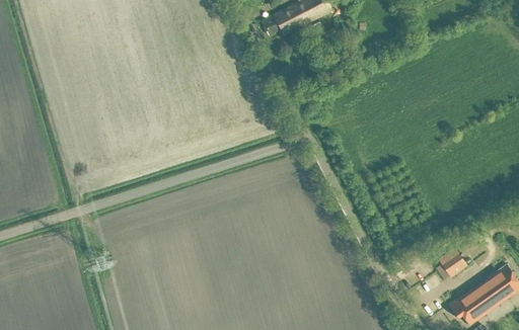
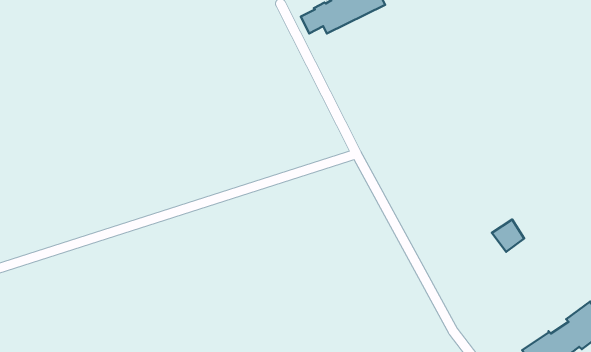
building: [440,251,467,278] -> [492,220,524,252]

